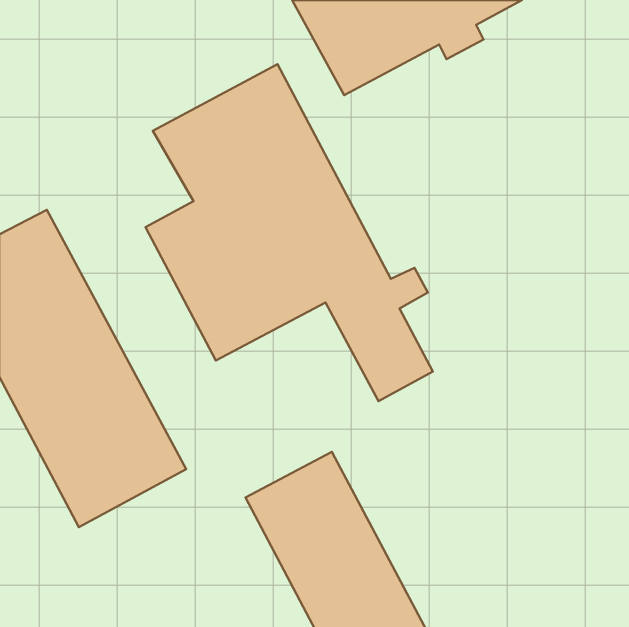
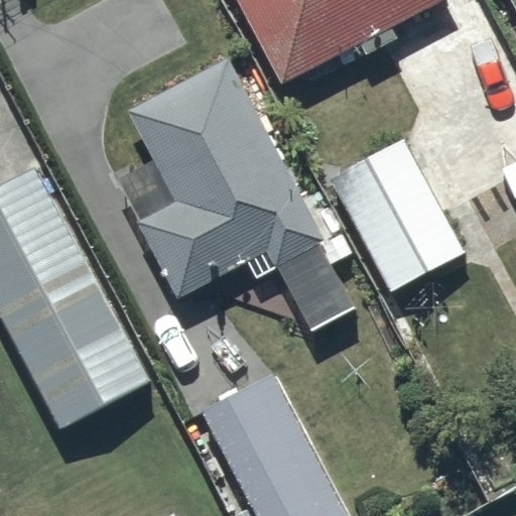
building: none -> [332,137,464,289]

